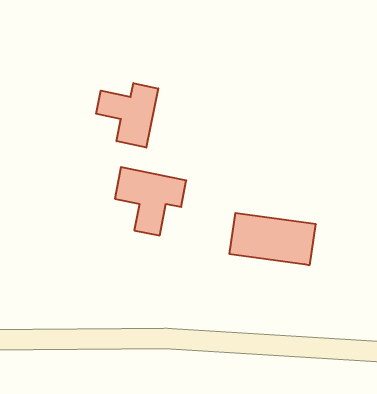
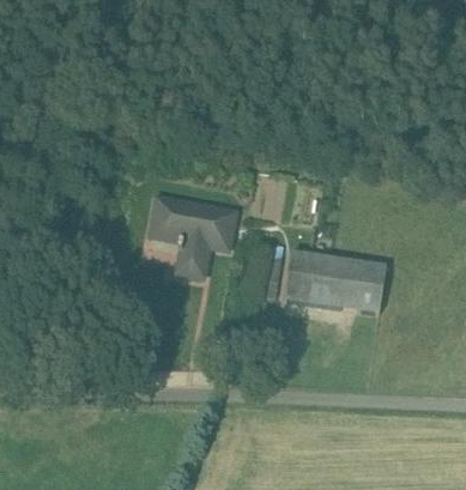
building: [96,83,158,148] -> none

